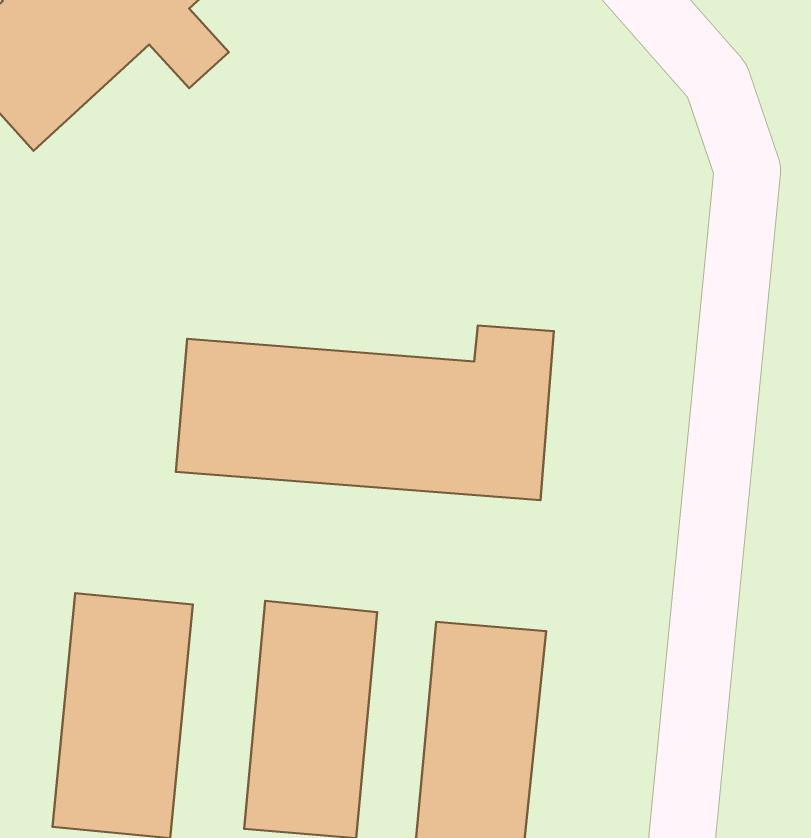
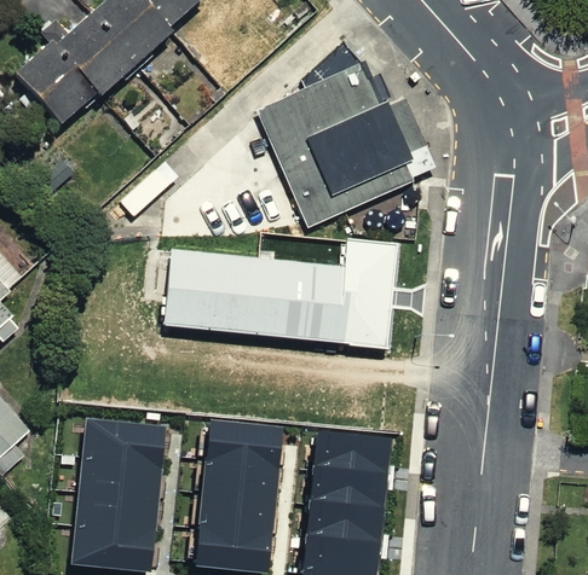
building: none -> [254,40,433,230]

